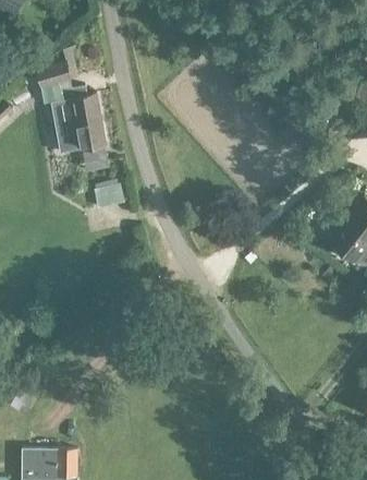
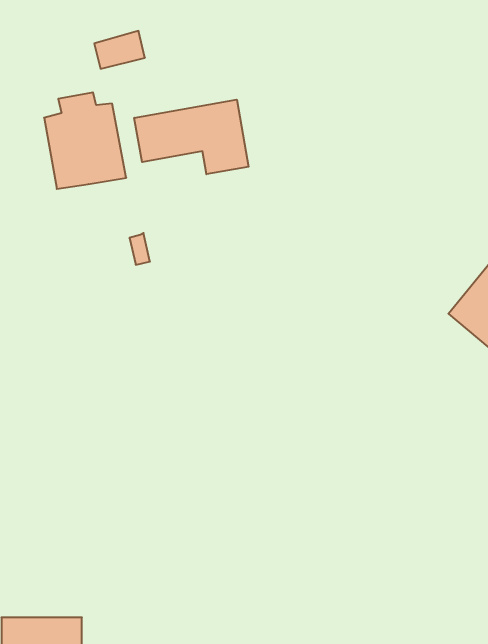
building: [36,62,71,88] -> [94,31,145,69]
building: none -> [134,100,249,174]

